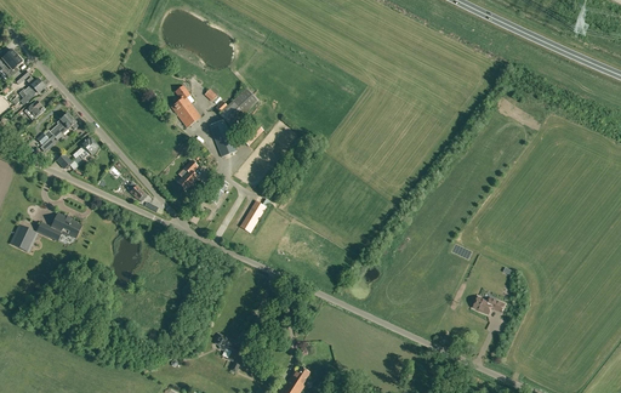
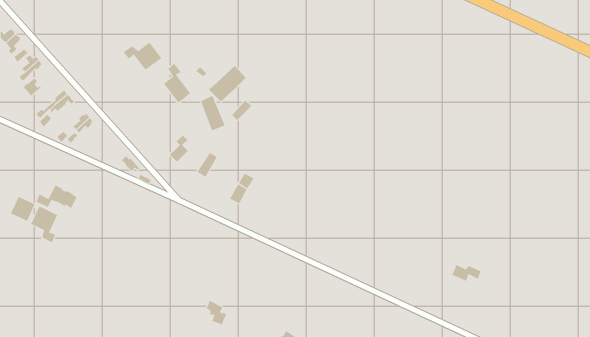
building: none -> [123,42,162,70]
building: none -> [30,206,58,243]

